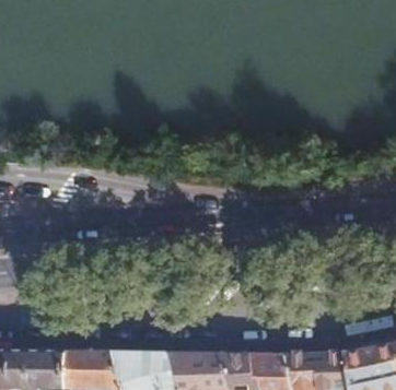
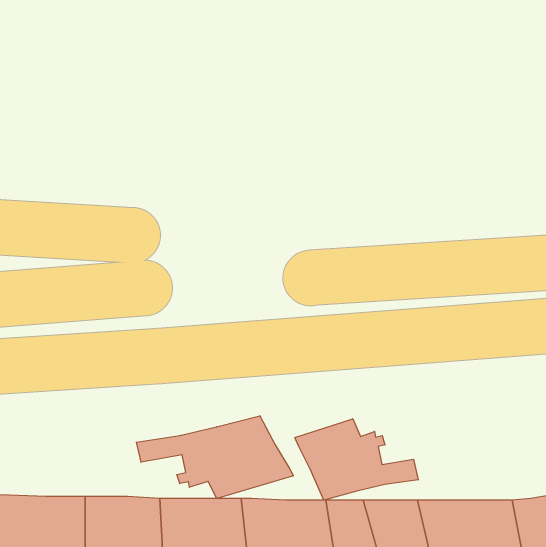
building: none -> [136,416,293,498]
building: none -> [295,419,418,500]

